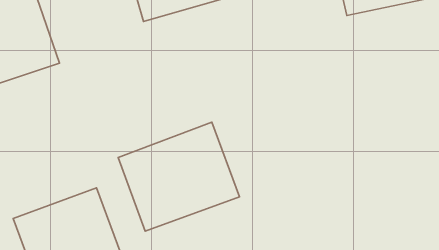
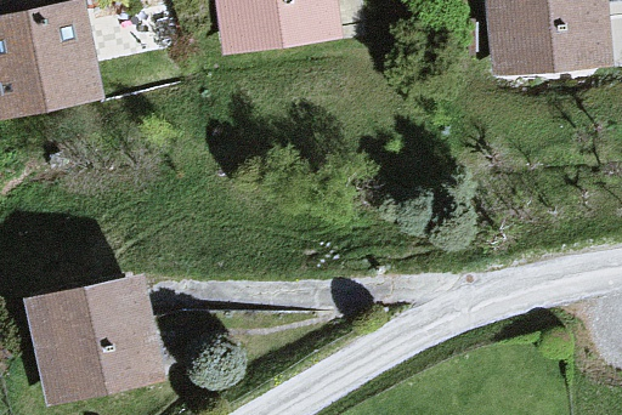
building: [118,122,240,231] -> none

